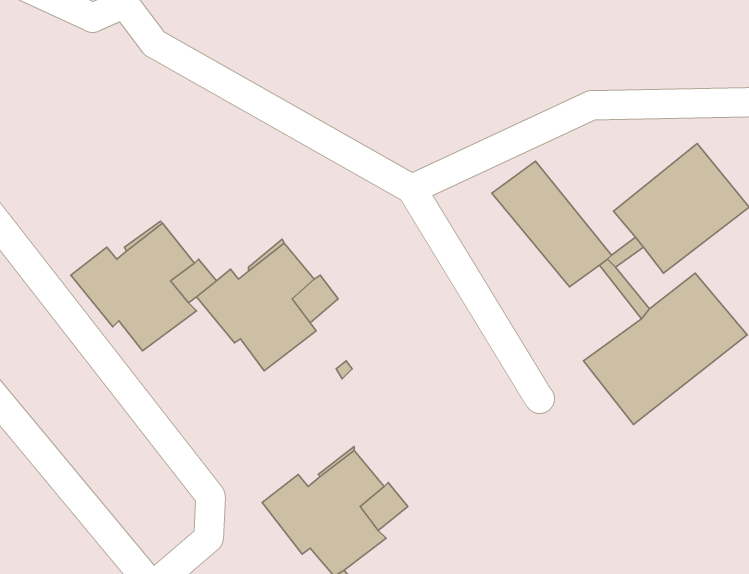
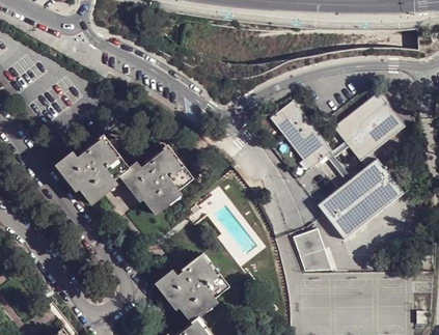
building: none -> [294,233,329,274]

